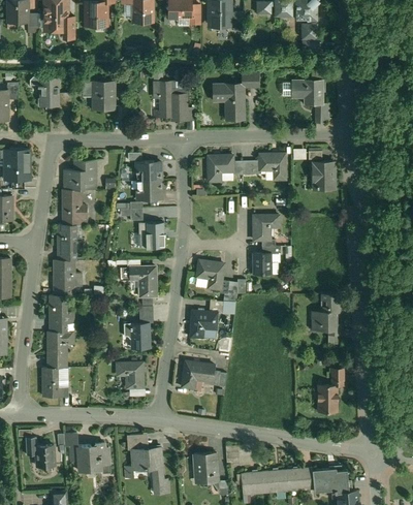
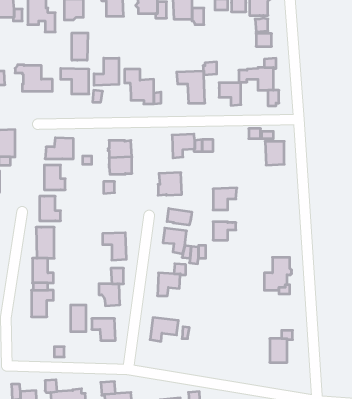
building: none -> [72,33,88,60]
building: none -> [94,58,119,85]
building: [260,155,285,181] -> [219,83,241,105]
building: [137,223,164,249] -> [158,173,182,195]
building: none -> [167,208,192,225]
building: [43,368,61,398] -> [71,305,86,332]

